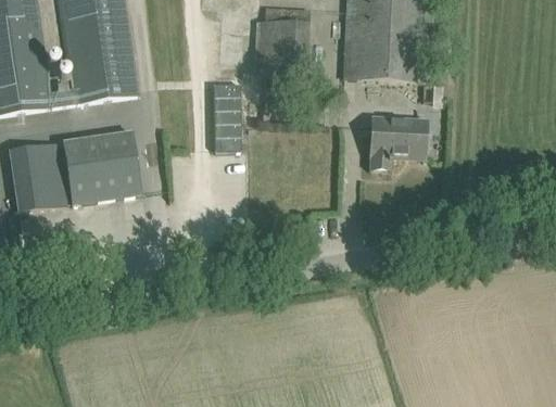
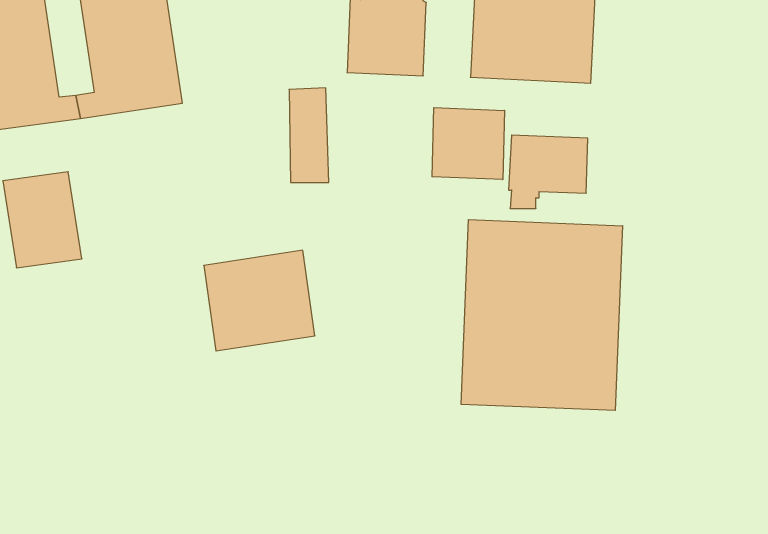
building: none -> [432,108,505,180]
building: [62,131,141,203] -> [204,250,315,351]
building: none -> [461,220,623,410]

